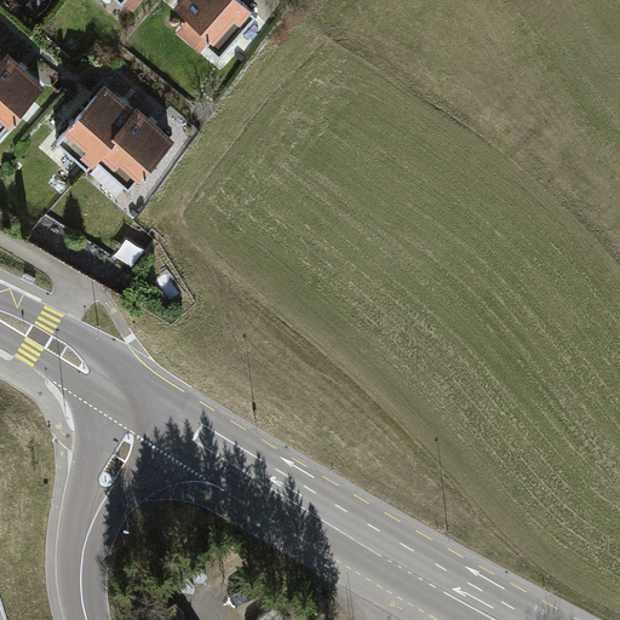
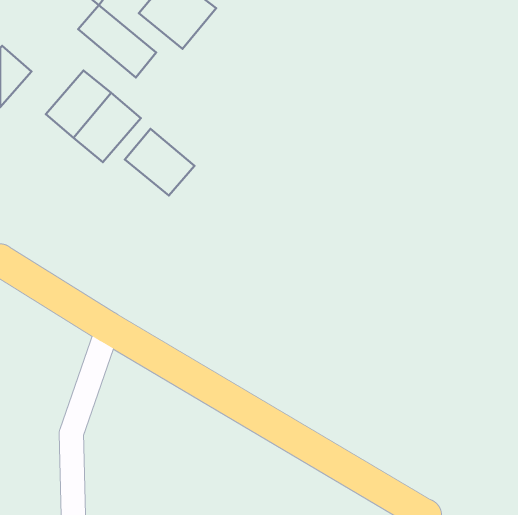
building: none -> [78,5,156,78]
building: none -> [125,129,195,196]

